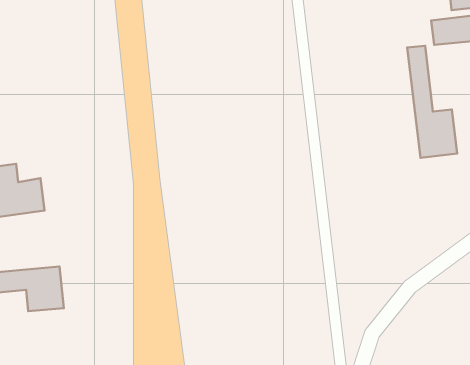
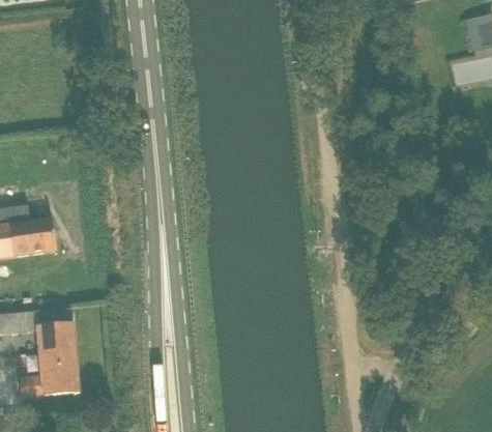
building: [407,46,457,158] -> none
building: none -> [19,349,78,396]

